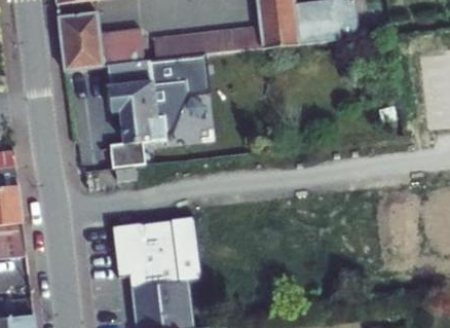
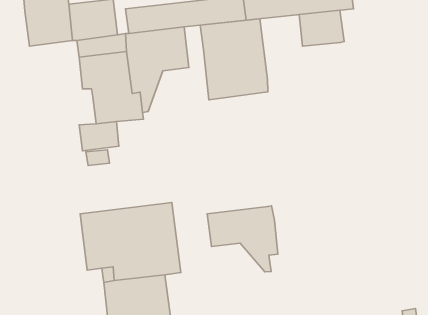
building: none -> [299,10,344,46]
building: none -> [200,19,268,100]
building: none -> [207,206,278,272]

